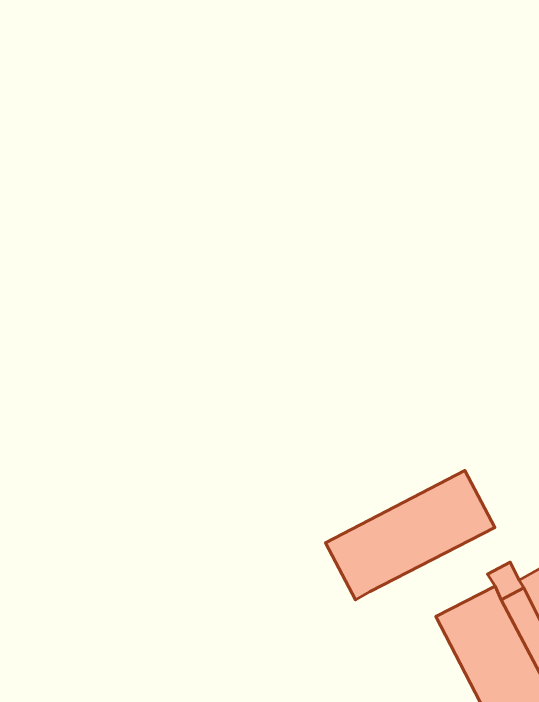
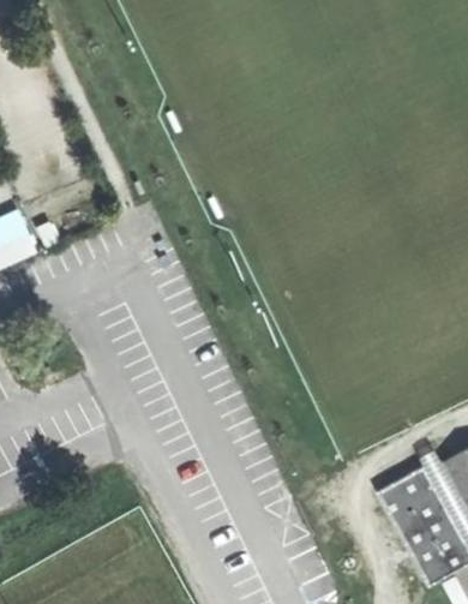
building: [325,470,495,600] -> none

